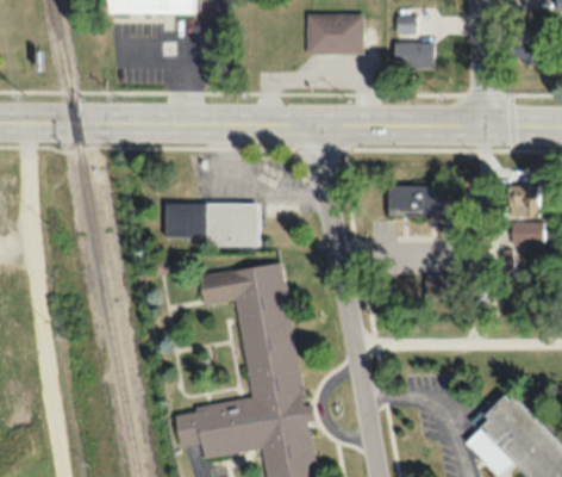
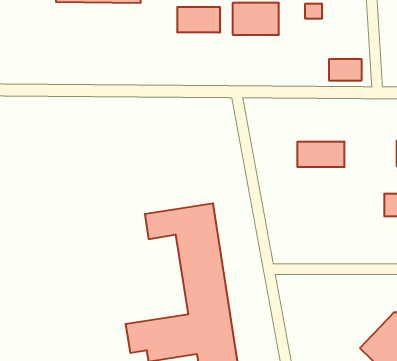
building: none -> [177,7,220,33]
building: [394,41,435,67] -> [329,59,362,80]
building: [164,203,258,248] -> none

